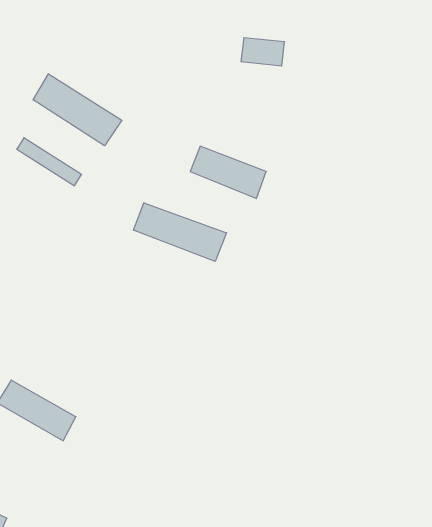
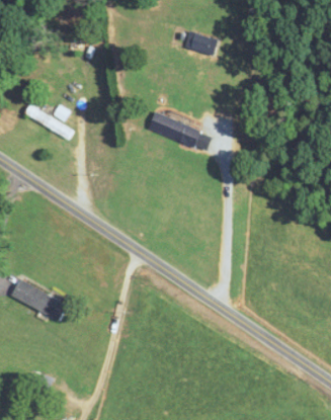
building: [33,74,122,146] -> none
building: [134,203,227,261] -> none

